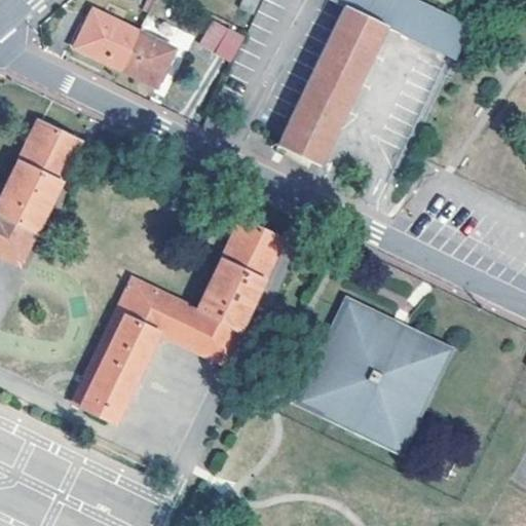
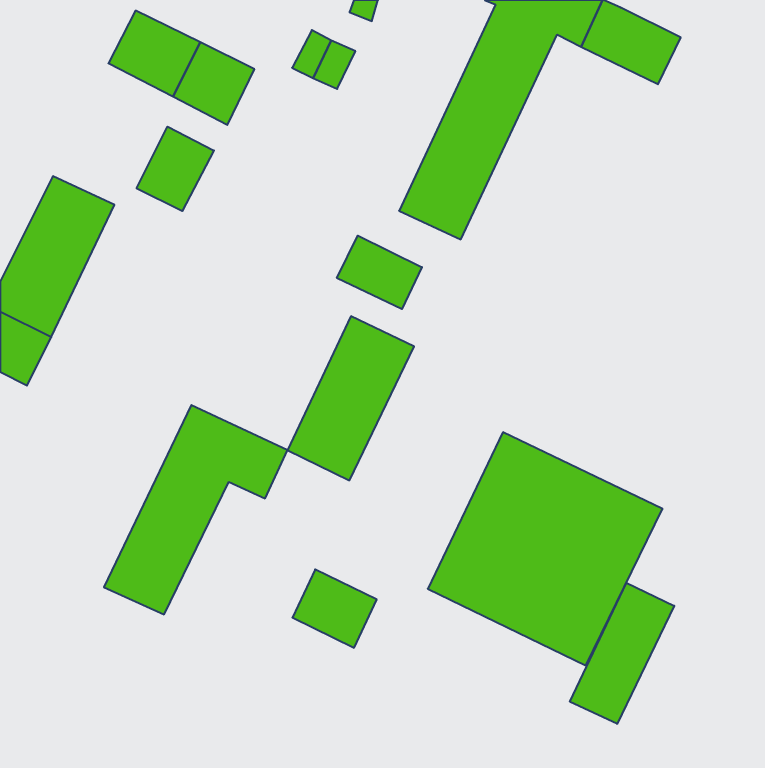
building: none -> [137,127,214,211]
building: none -> [337,236,422,309]
building: [184,308,241,362] -> [292,569,377,648]
building: none -> [570,583,674,724]

